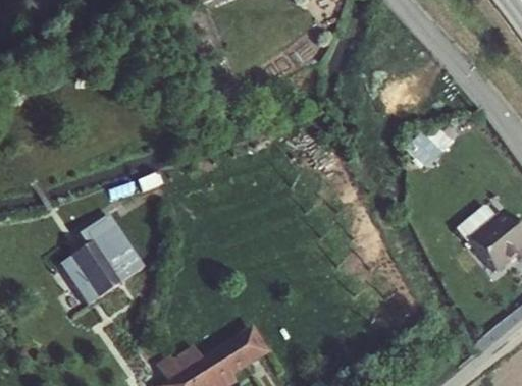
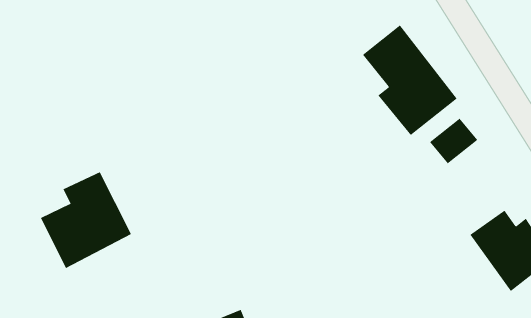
building: none -> [362,24,458,136]

